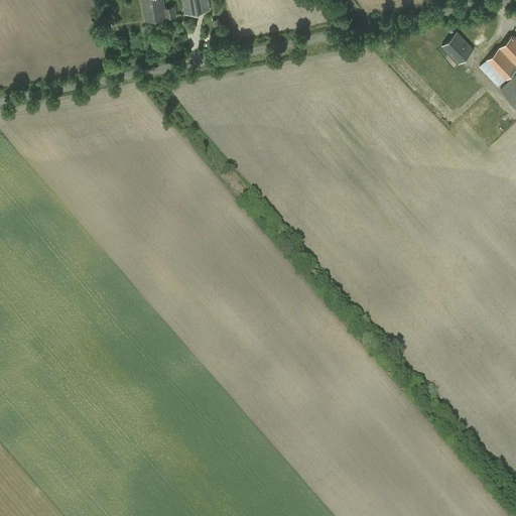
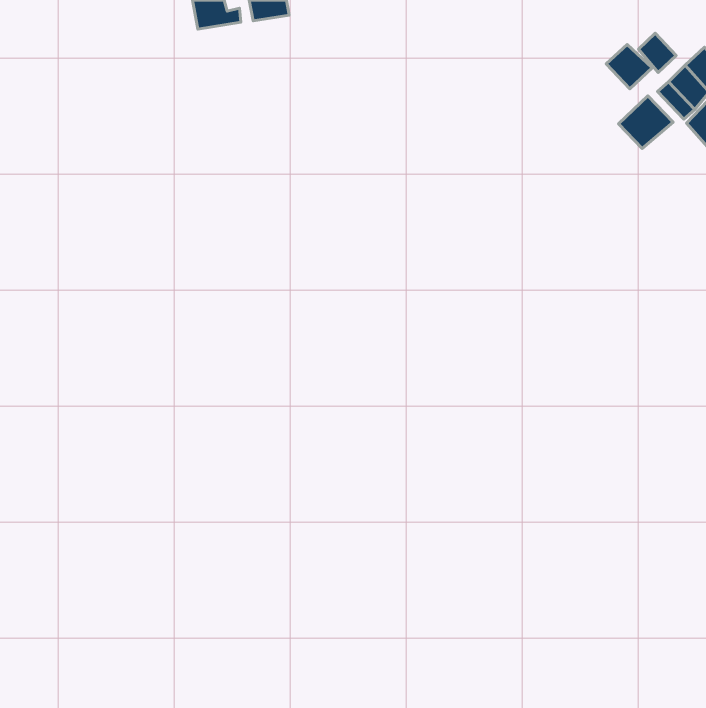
building: none -> [638,33,676,72]
building: none -> [619,96,673,148]

